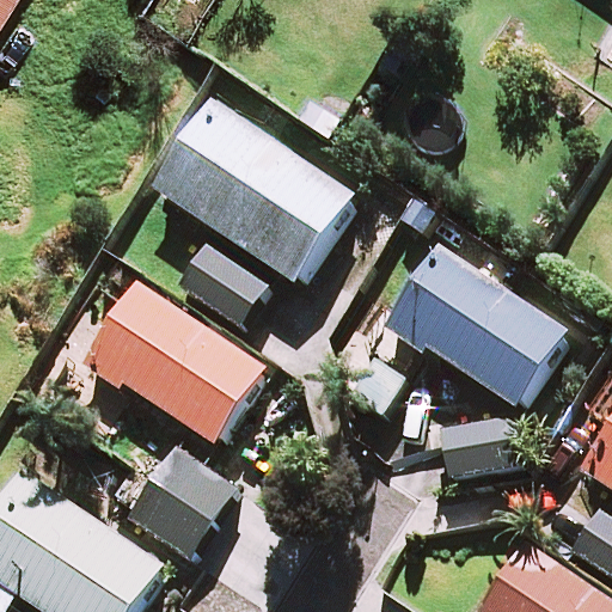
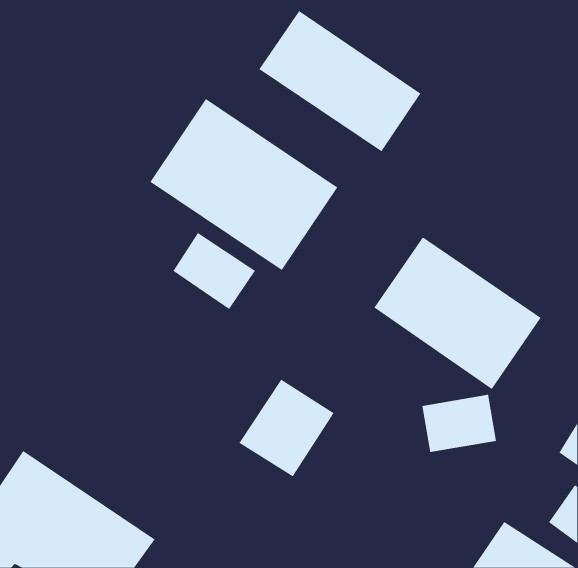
building: none -> [258,10,421,152]
building: [91,283,265,442] -> none
building: [131,451,232,553] -> [238,379,334,477]

